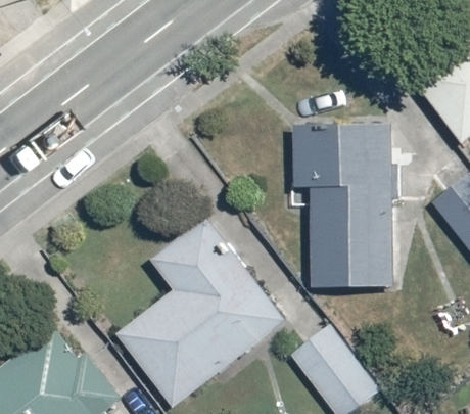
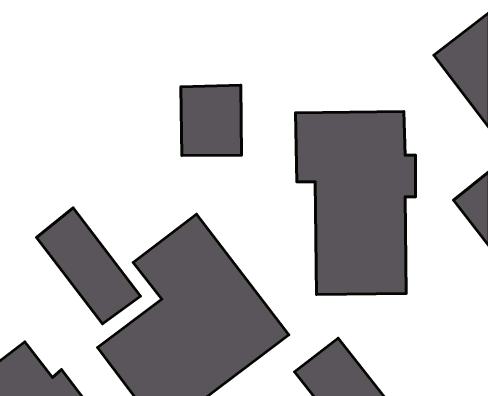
building: none -> [181,85,242,155]
building: none -> [36,208,140,324]

